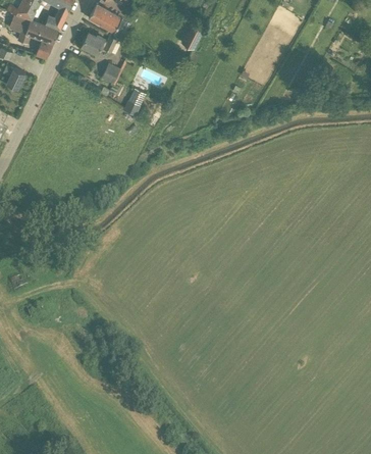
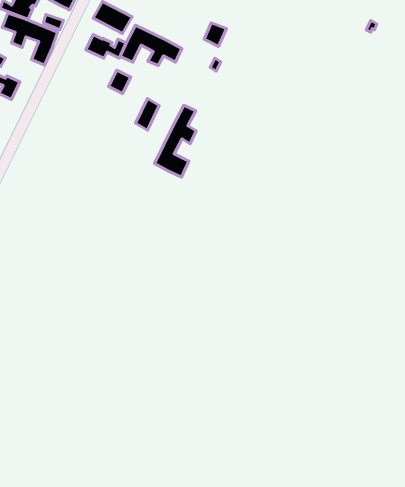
building: none -> [120,25,182,66]
building: none -> [155,105,196,177]

